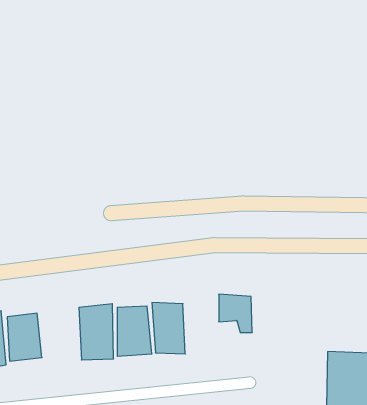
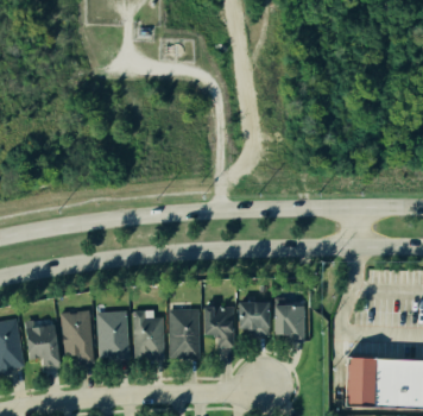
building: none -> [203,304,232,343]
building: none -> [272,304,310,345]
building: none -> [61,308,94,368]

